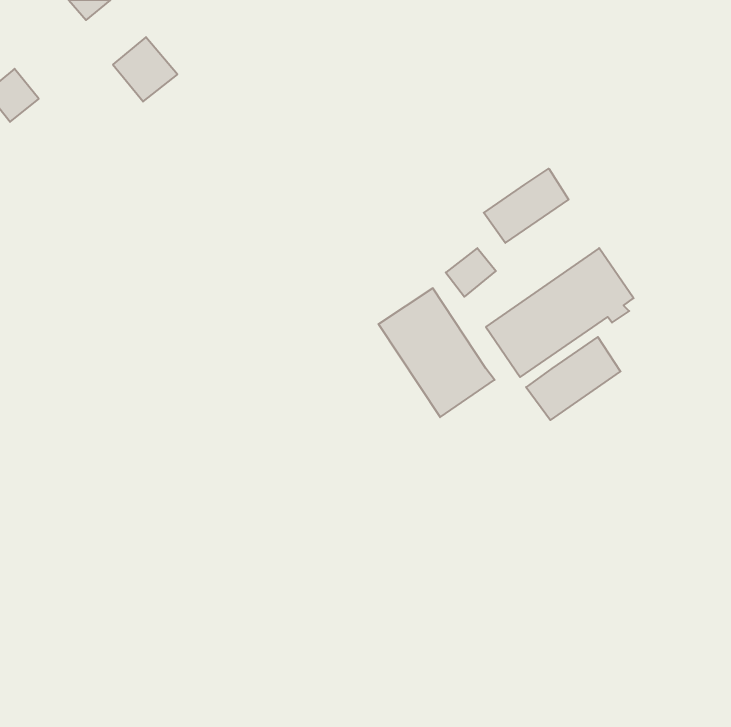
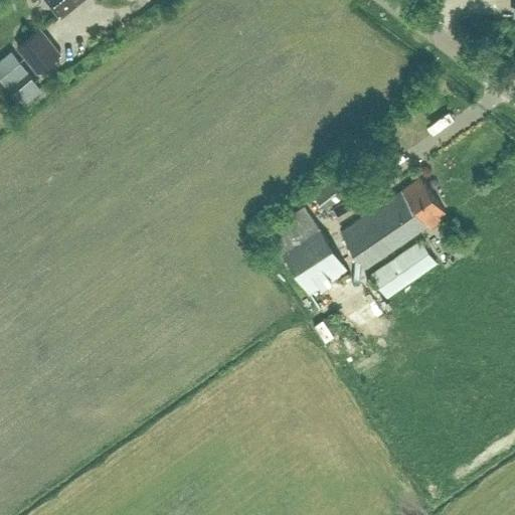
building: [113,37,177,102] -> [15,29,60,74]
building: [484,169,569,243] -> none

